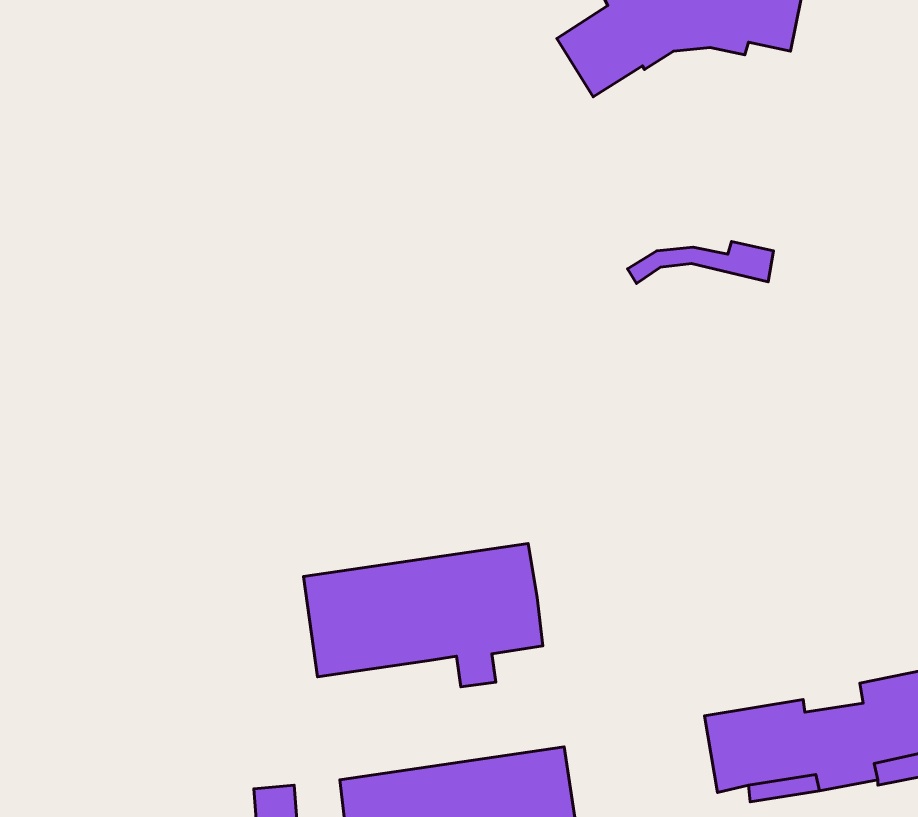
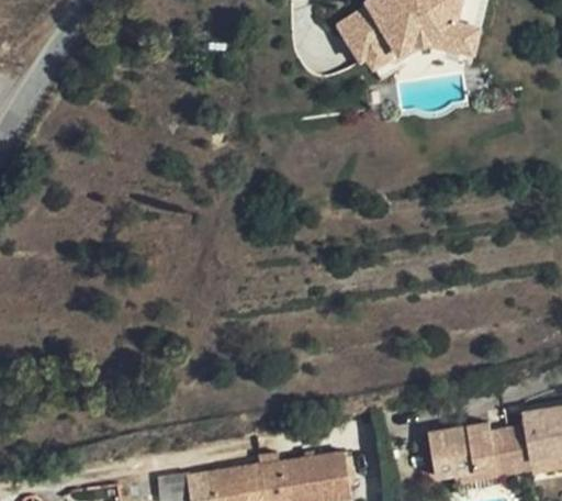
building: [628,242,773,284] -> [392,26,480,52]
building: [303,544,543,687] -> none

